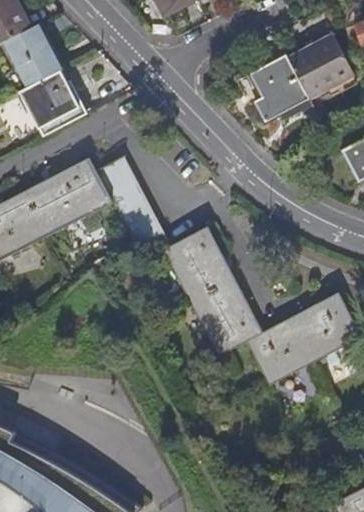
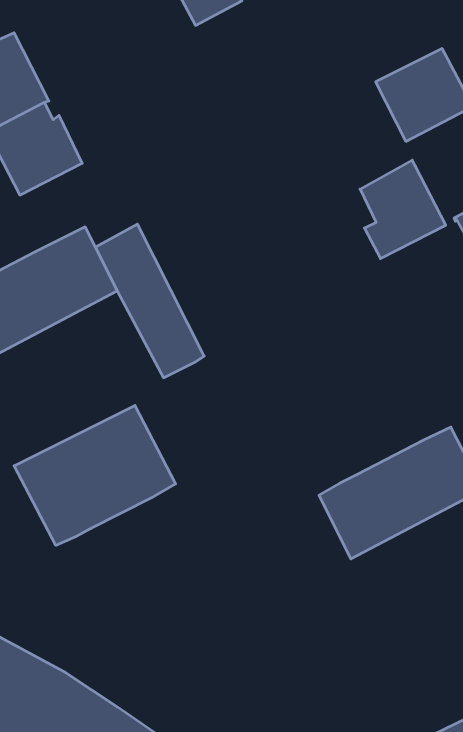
building: [250,53,309,121] -> [360,160,446,259]
building: [164,227,263,357] -> none
building: none -> [14,405,176,545]

